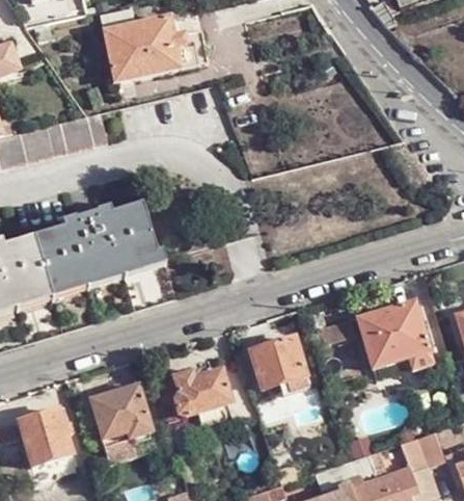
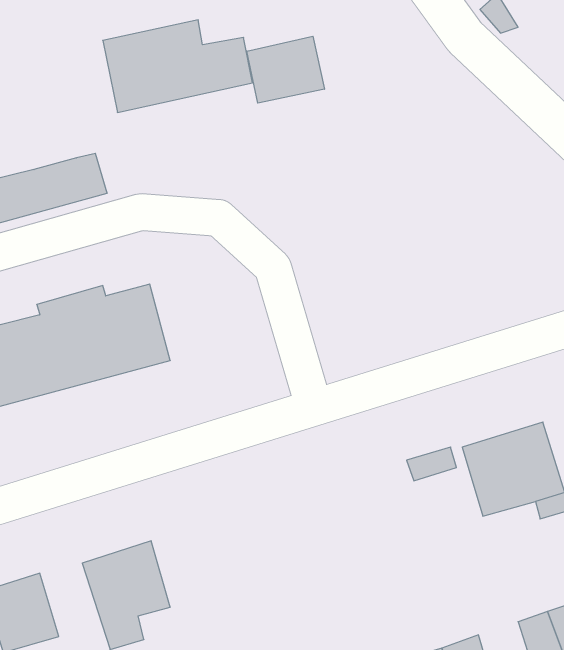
building: none -> [247,36,324,103]
building: [249,338,308,395] -> none
building: [157,370,231,422] -> none

